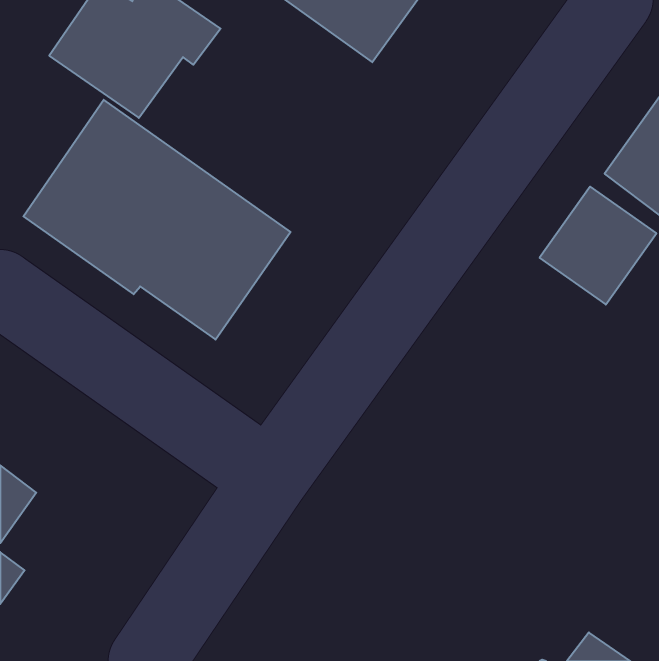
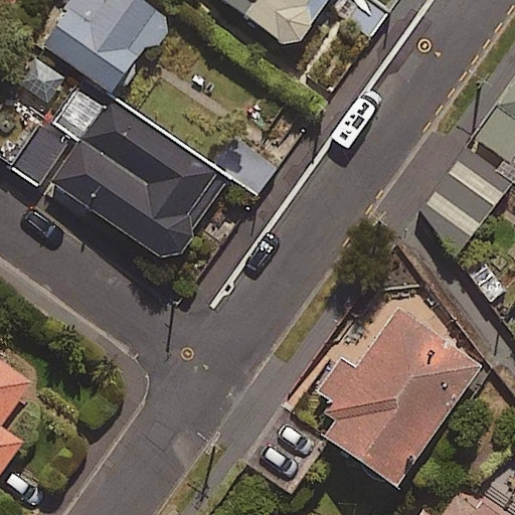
building: none -> [316,306,483,488]

